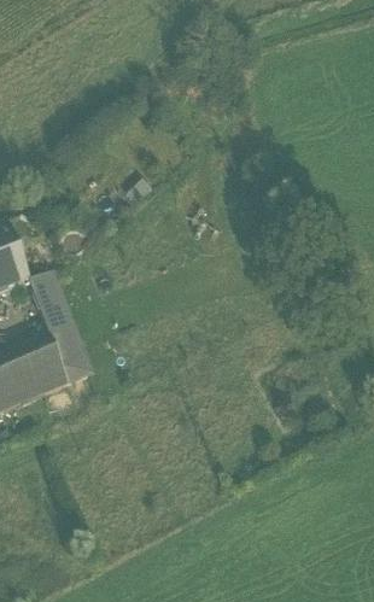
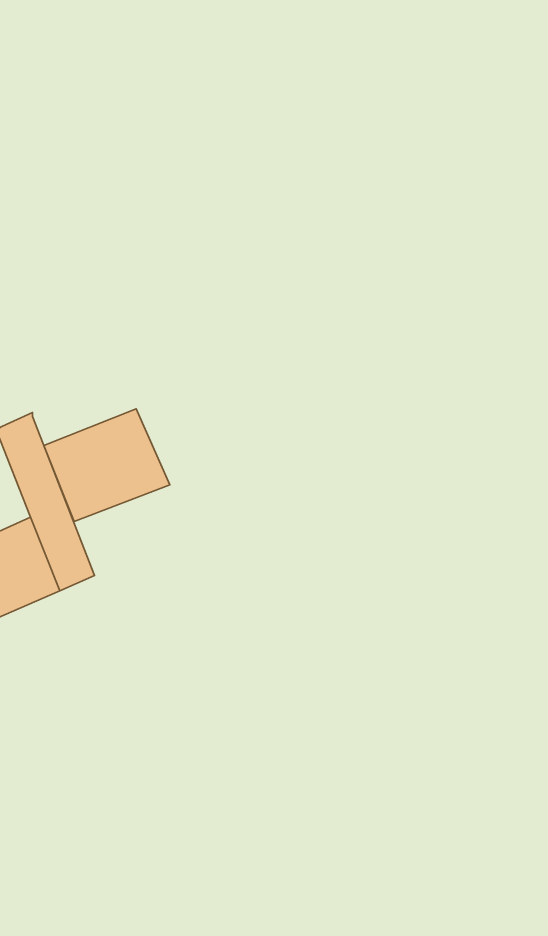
building: none -> [44,409,170,522]

